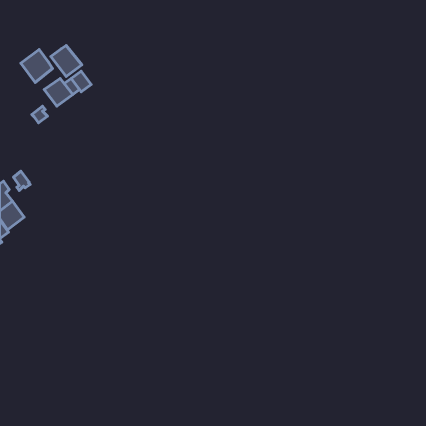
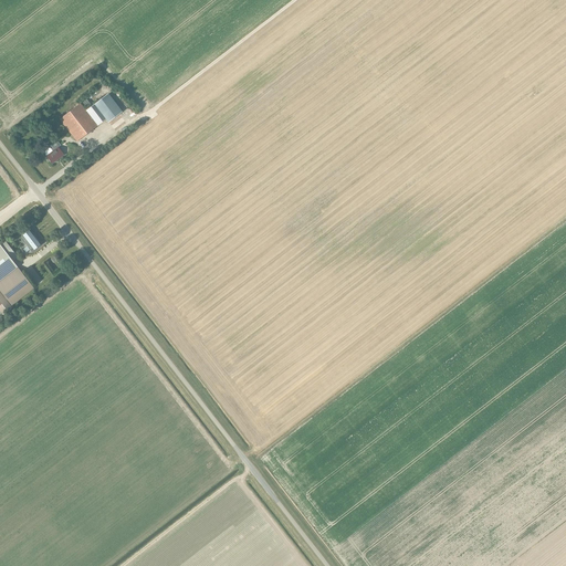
building: [51,46,82,77] -> none
building: [21,49,53,83] -> none

